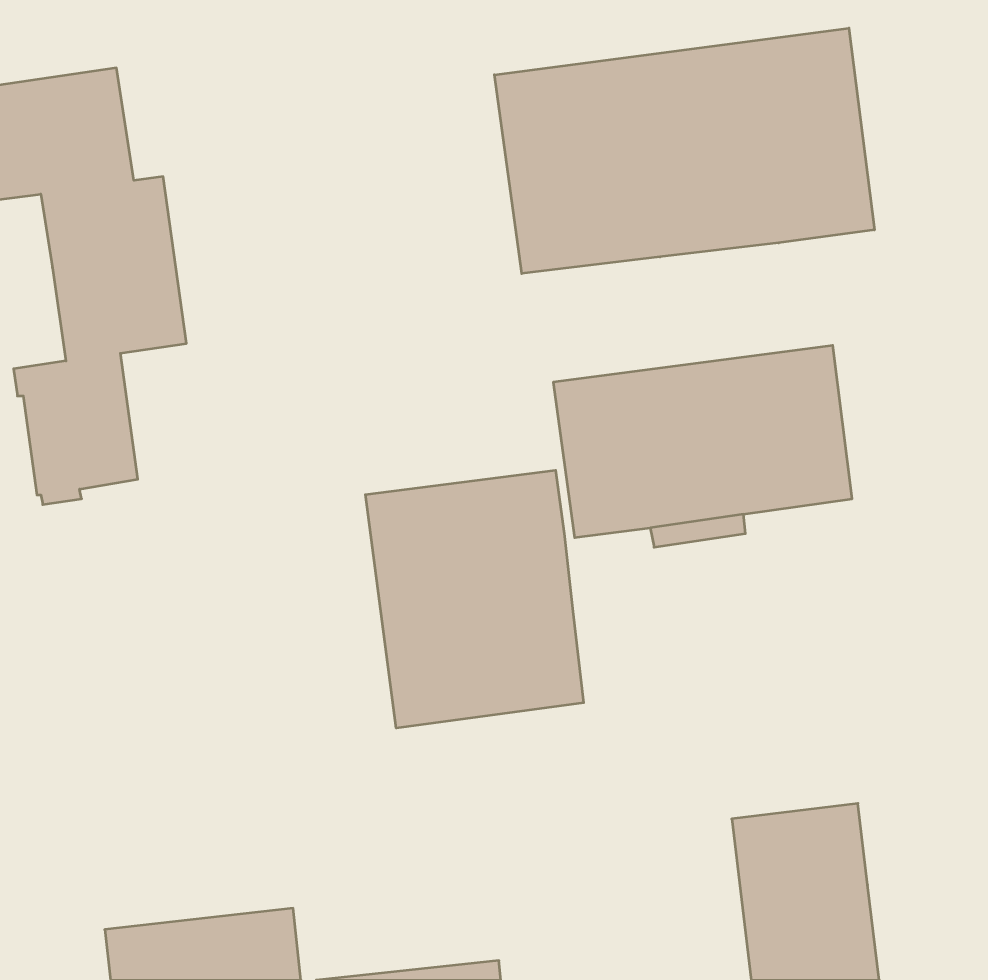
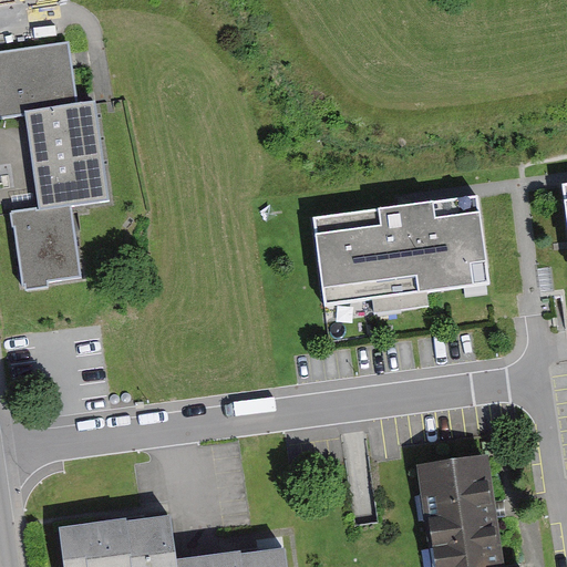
building: [494,28,874,274] -> none
building: [365,470,584,728] -> none

